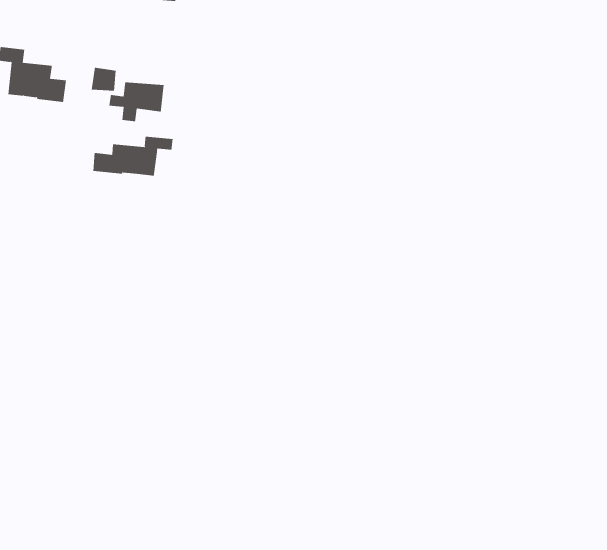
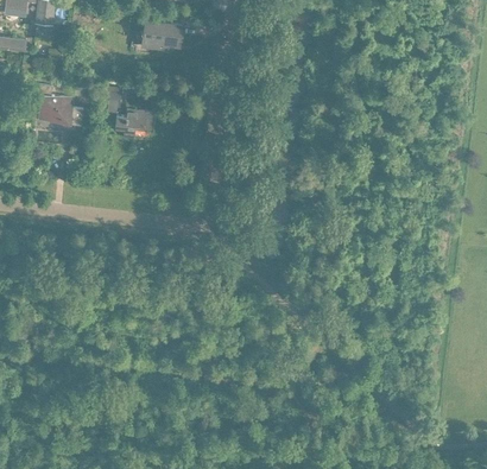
building: [93,136,173,176] -> none

